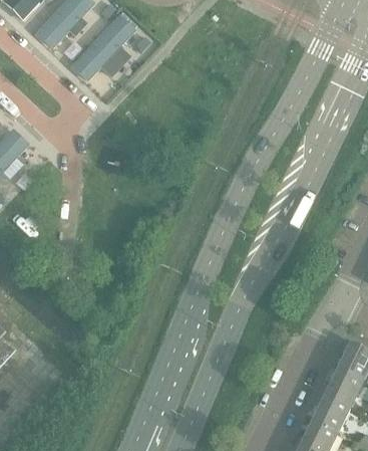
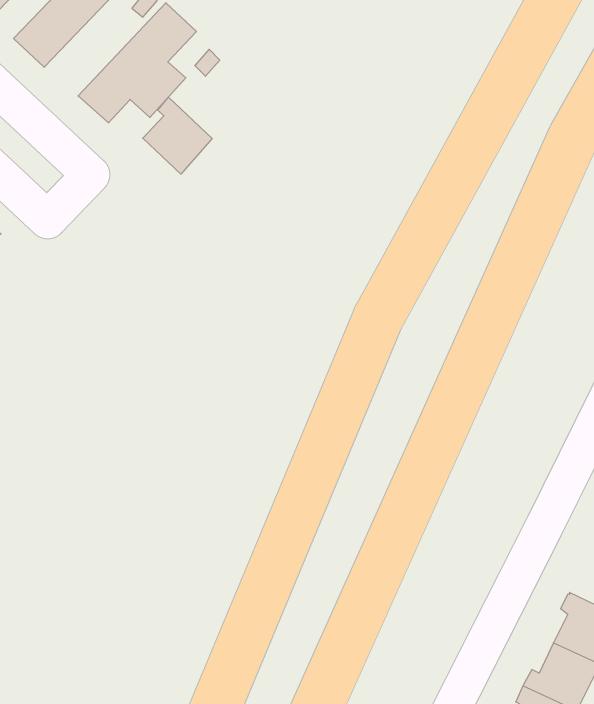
building: none -> [143,97,212,174]

